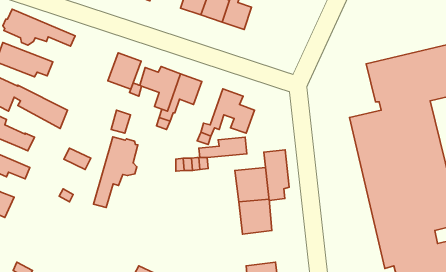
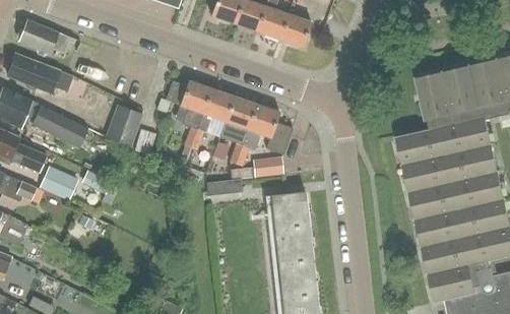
building: none -> [281,15,314,48]
building: [108,53,141,89] -> [104,106,140,145]
building: none -> [220,97,258,144]
building: [94,137,138,208] -> none
building: none -> [39,165,78,200]
building: [264,150,289,200] -> none
building: none -> [279,260,316,299]

